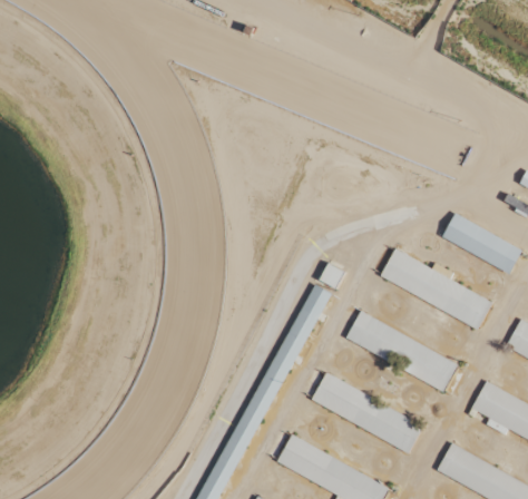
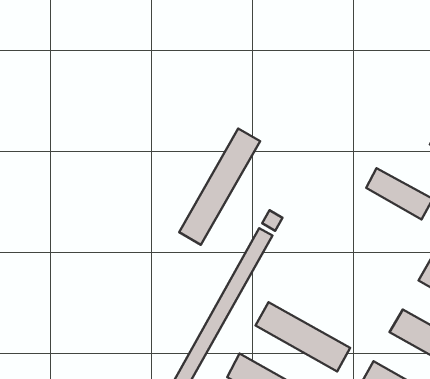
building: none -> [179,128,260,245]
building: [381,248,492,330] -> none
building: [345,310,458,392] -> none

